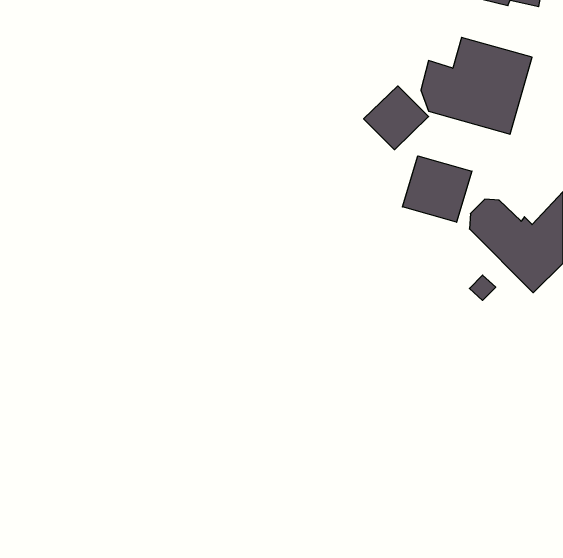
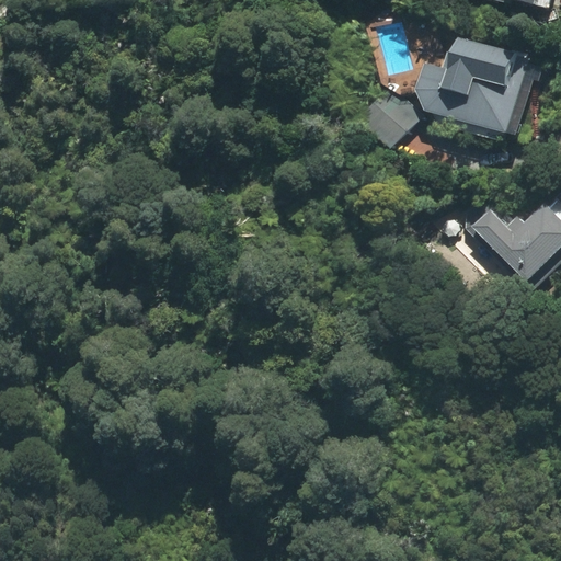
building: [402,156,472,222] -> none

